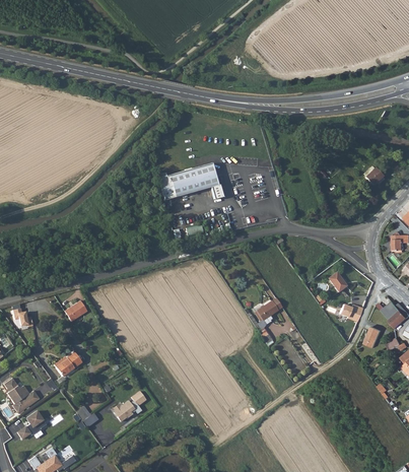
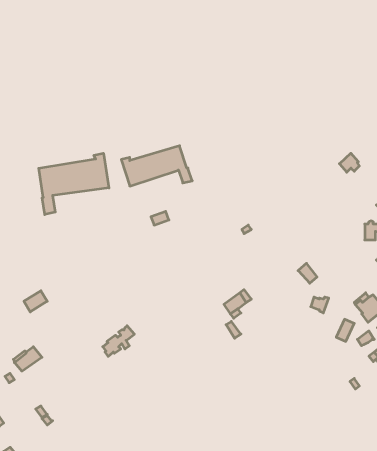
building: none -> [39,153,109,215]
building: [116,392,146,421] -> [103,326,134,356]

